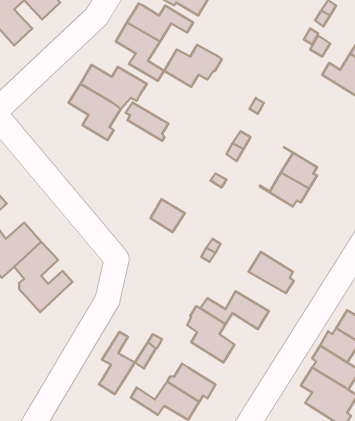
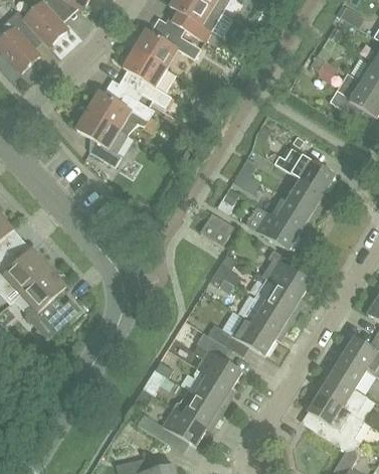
building: [164,45,222,87] -> none
building: [126,102,169,141] -> none
building: none -> [274,154,335,193]
building: none -> [255,212,300,251]
building: [150,199,185,232] -> [200,212,234,246]
building: none -> [262,249,311,298]
building: none -> [242,298,293,337]
building: [99,332,135,394] -> none
building: none -> [189,368,231,411]

